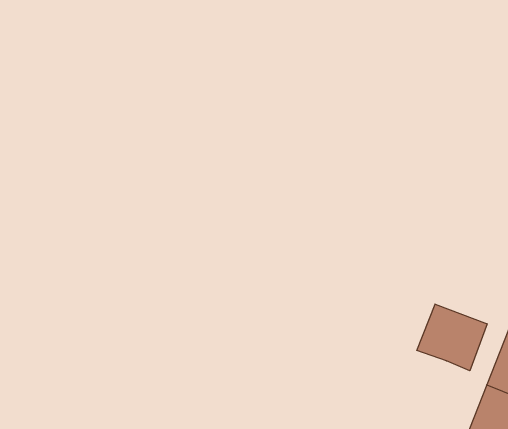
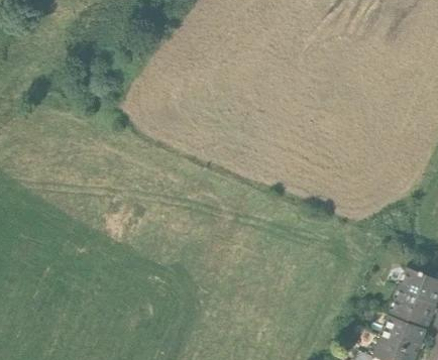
building: [417,304,487,371] -> none

